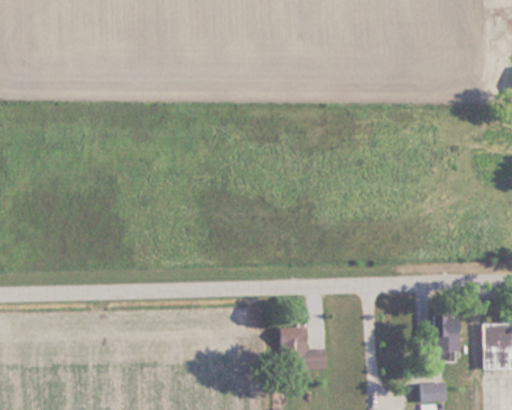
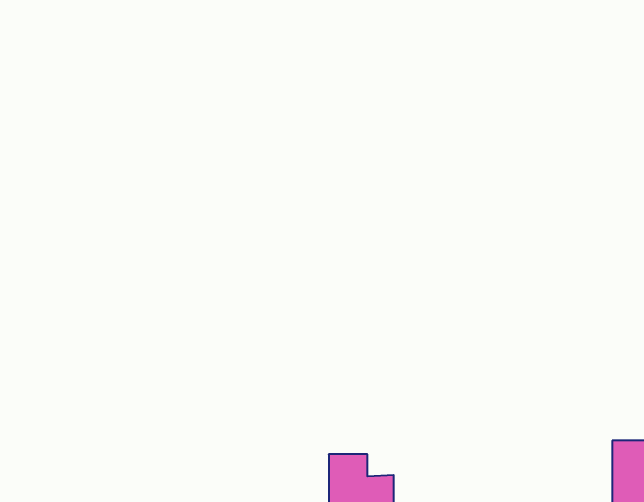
building: [434,314,460,362] -> none

